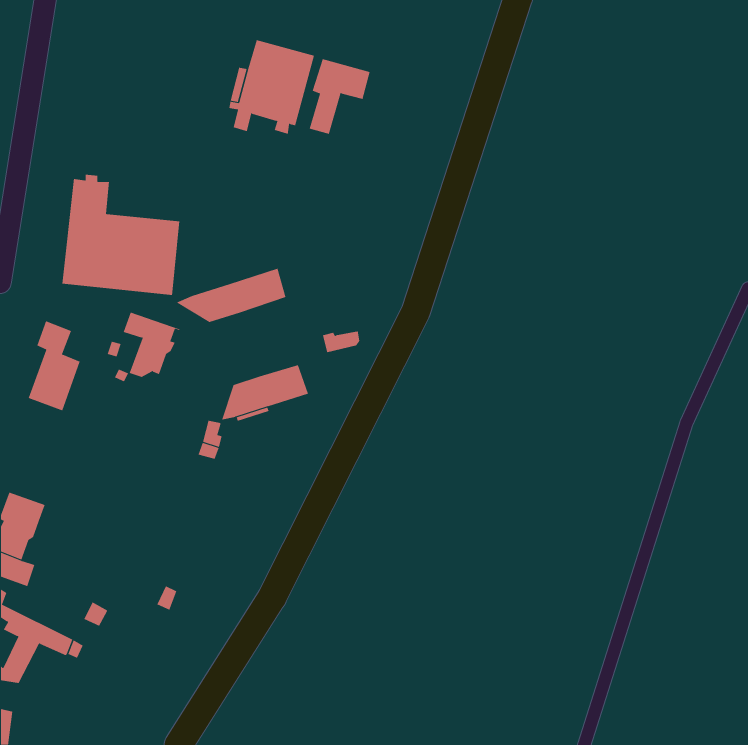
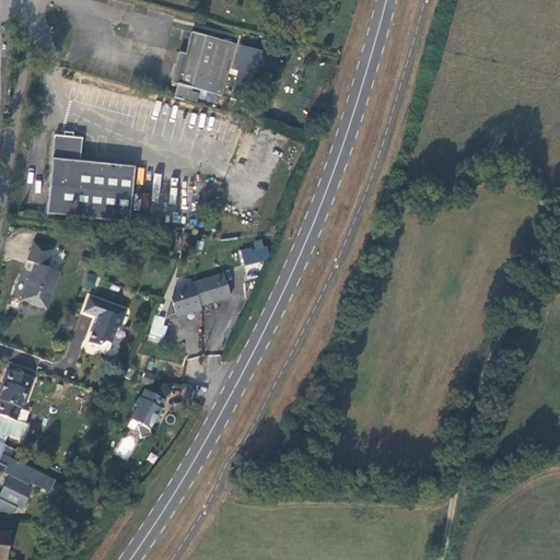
building: [176,268,286,323] -> none
building: [123,312,180,378] -> [84,295,127,345]
building: none -> [131,387,165,435]

